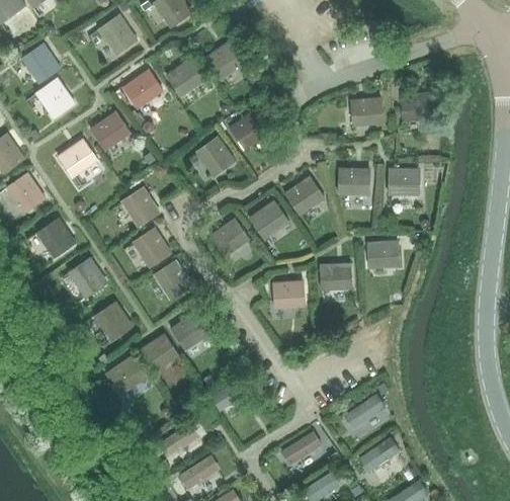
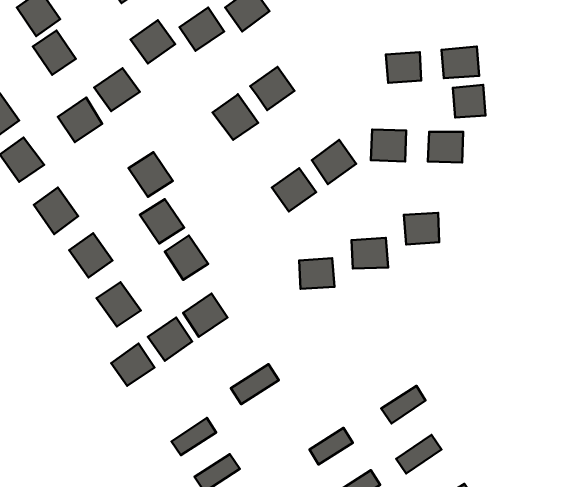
building: none -> [453,85,485,118]
building: [207,220,247,258] -> none

